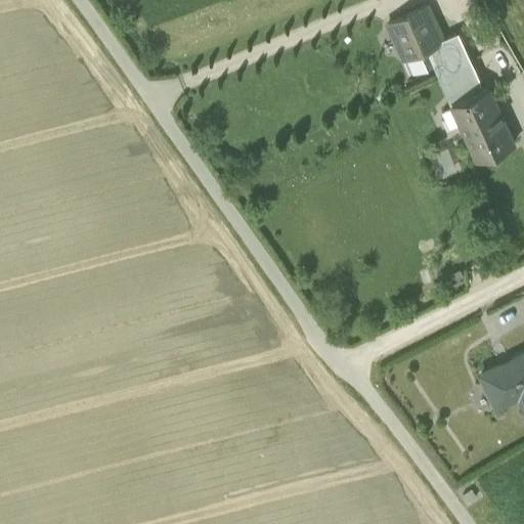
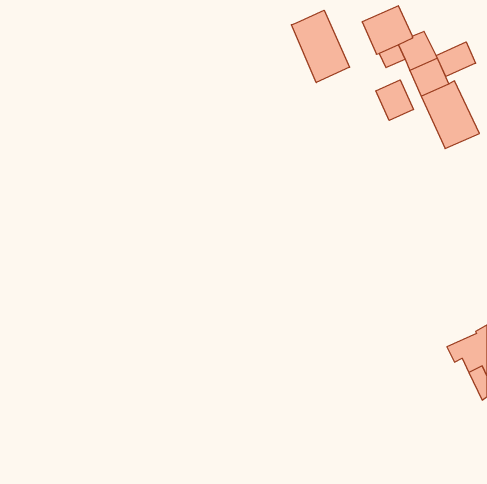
building: none -> [291,10,350,83]
building: none -> [436,42,476,77]
building: none -> [376,80,413,120]

